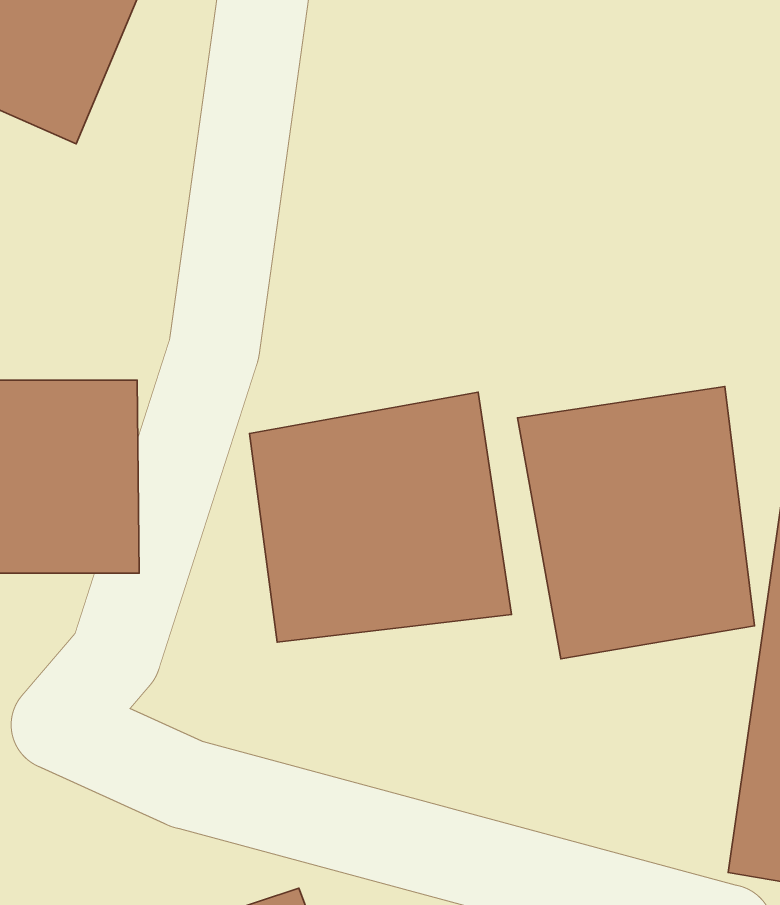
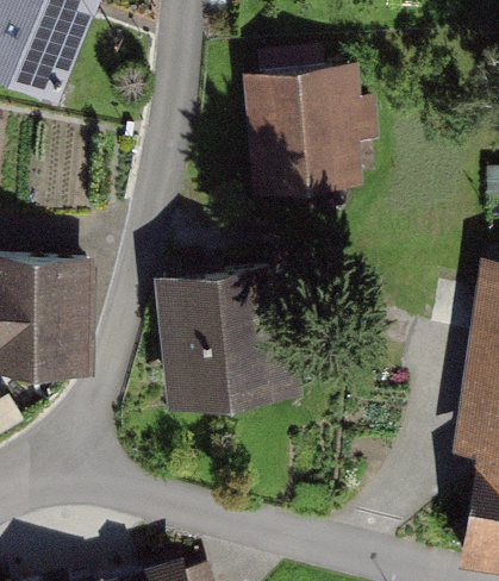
building: none -> [245,63,369,190]
building: [517,387,754,659] -> none

